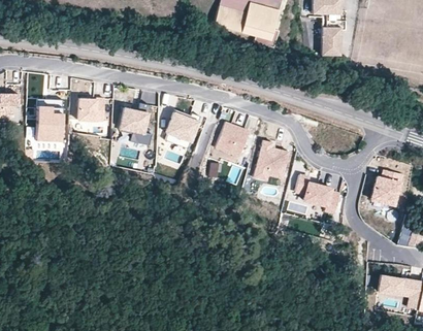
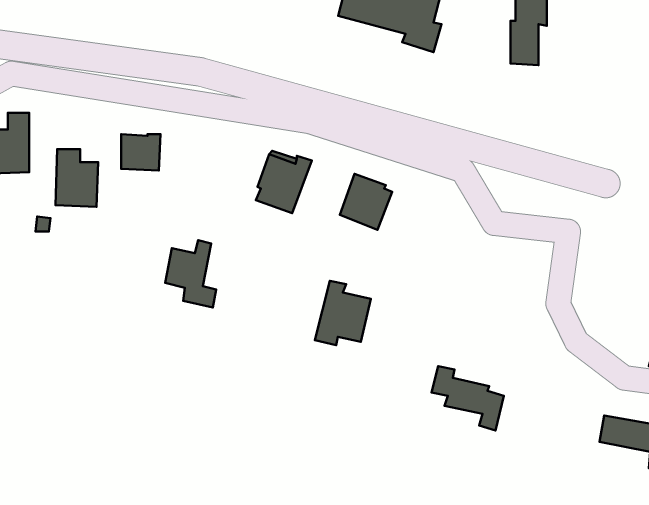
building: [119,101,151,143] -> [165,240,216,307]
building: [254,140,289,180] -> [315,281,371,345]
building: [368,167,400,203] -> none
building: [294,172,339,212] -> [432,366,504,430]

